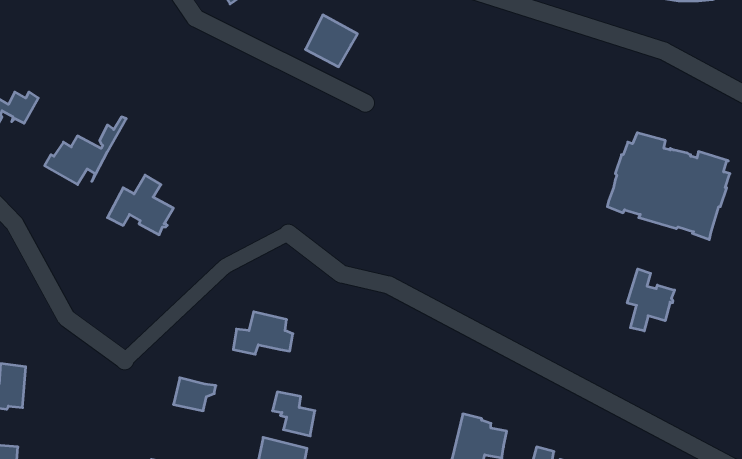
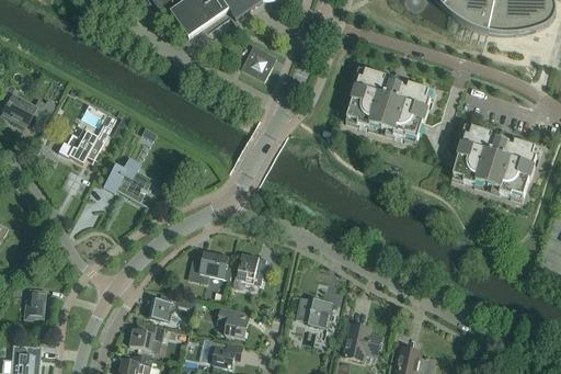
building: none -> [345,69,431,144]
building: [627,269,675,331] -> none
building: none -> [237,252,266,284]
building: none -> [295,294,333,327]
building: none -> [129,324,165,349]

